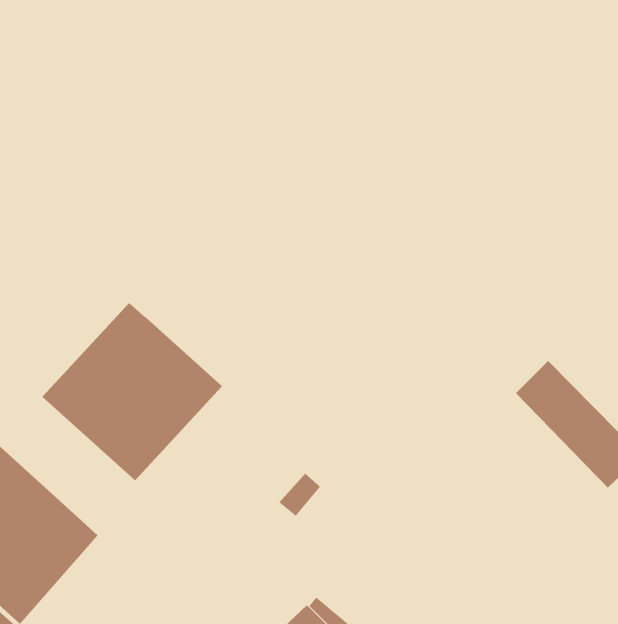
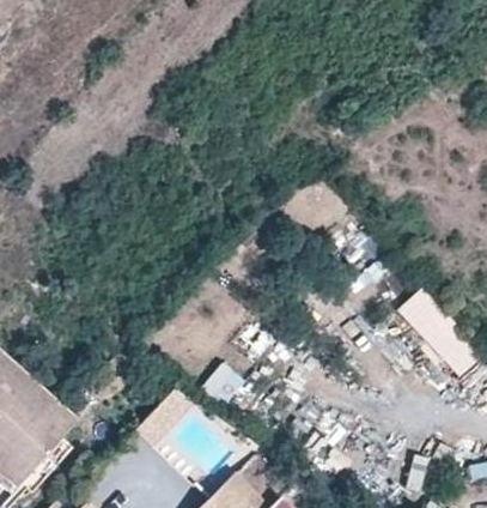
building: [42,302,223,481] -> none

